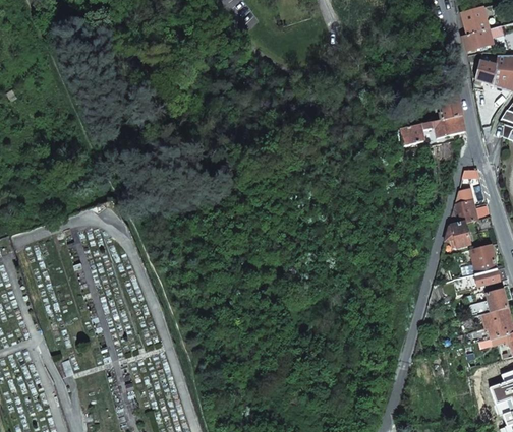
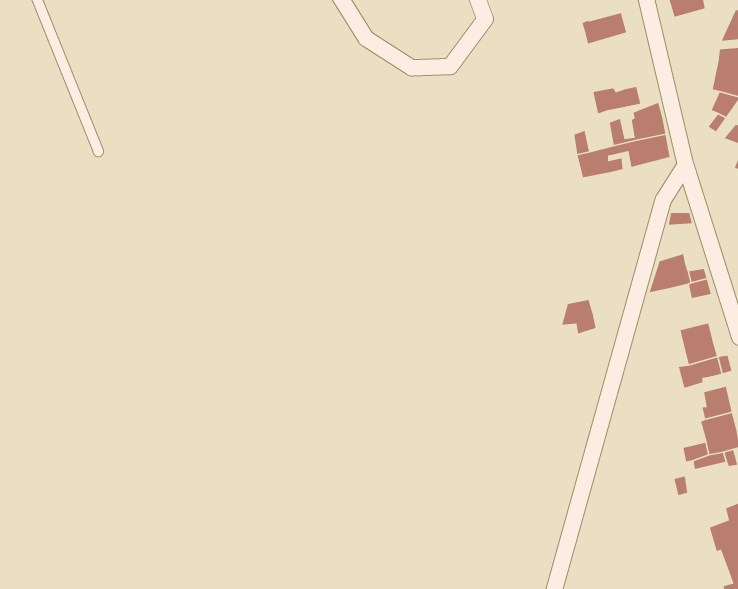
building: [462,28,494,51] -> [582,12,627,45]
building: [475,59,498,84] -> none
building: none -> [592,86,641,115]
building: [446,222,470,246] -> [561,299,596,334]

